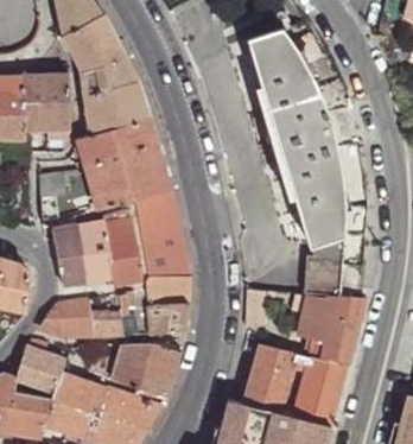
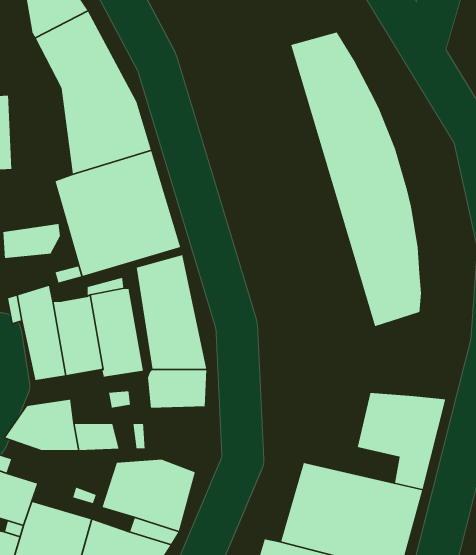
building: [44,75,70,129] -> none
building: [299,234,344,294] -> none
building: [147,303,188,334] -> none

